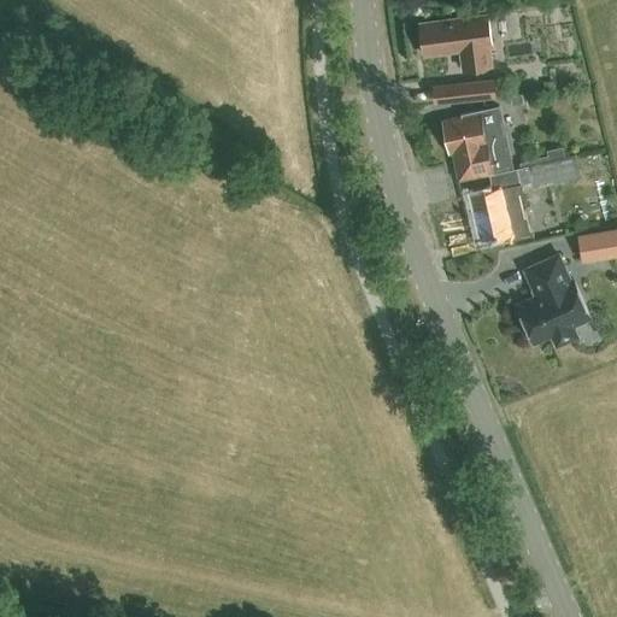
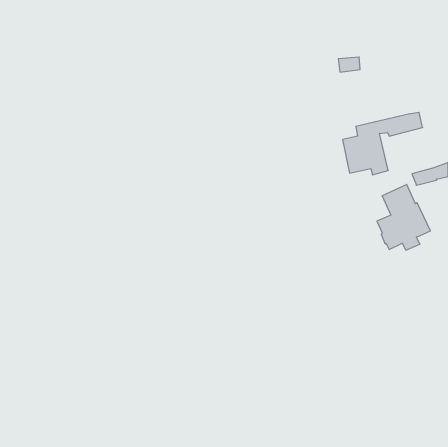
building: [419,16,493,70] -> none
building: [443,107,513,182] -> none

